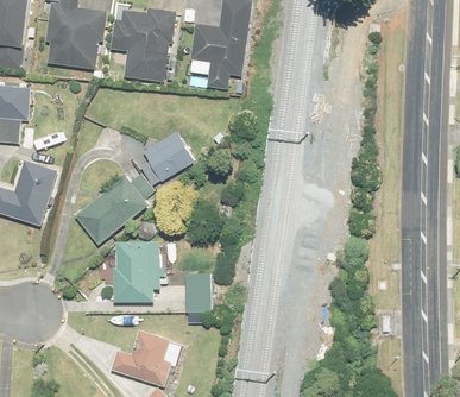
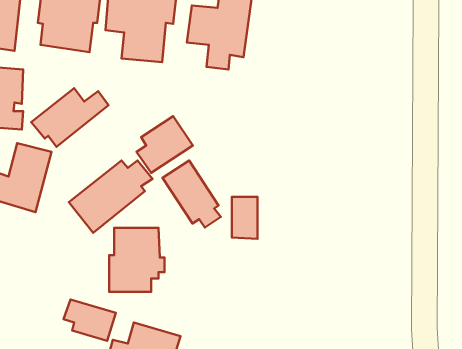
building: none -> [31,88,108,147]
building: none -> [162,160,221,227]
building: [184,272,209,313] -> [232,197,258,239]
building: none -> [63,299,116,341]

